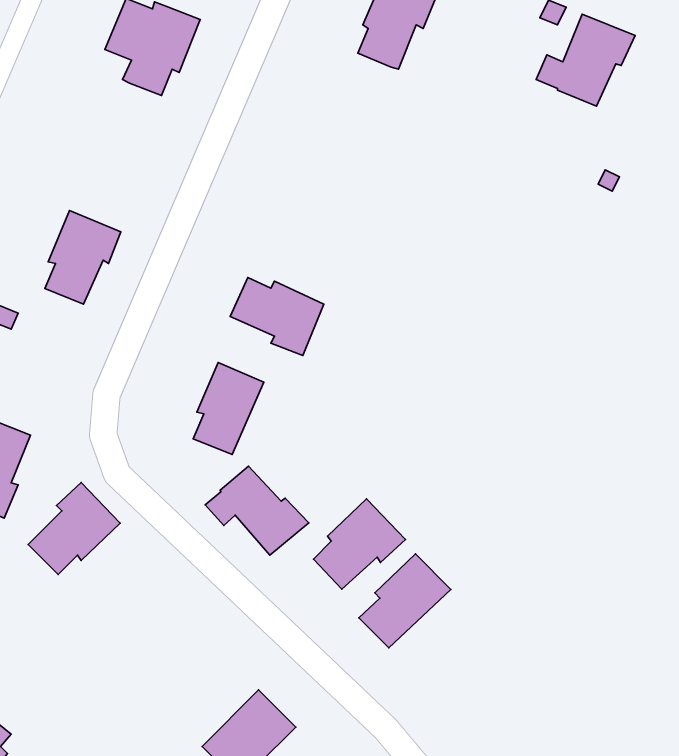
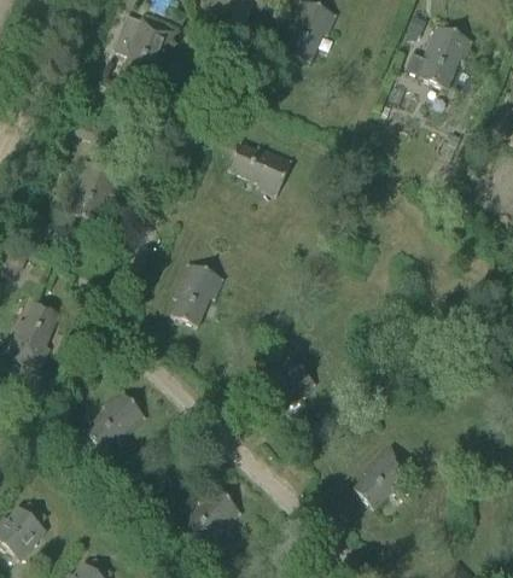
building: [230,278,324,355] -> [228,142,292,195]
building: [205,466,309,555] -> none
building: [28,483,120,575] -> [83,389,146,451]
building: [359,554,451,648] -> [354,444,416,508]

